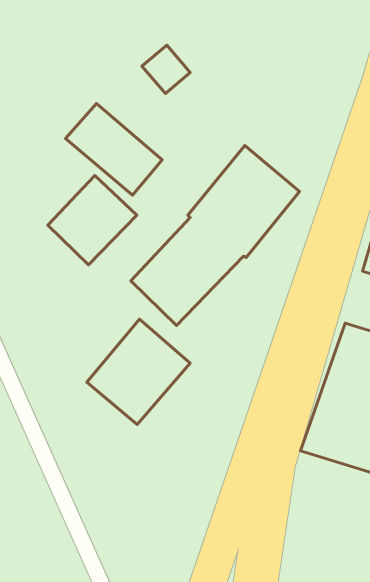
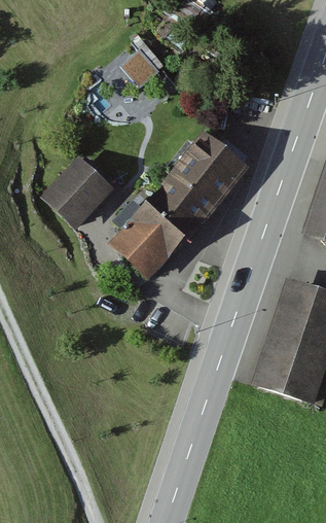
building: [65,103,162,195] -> none
building: [87,319,190,425] -> none

